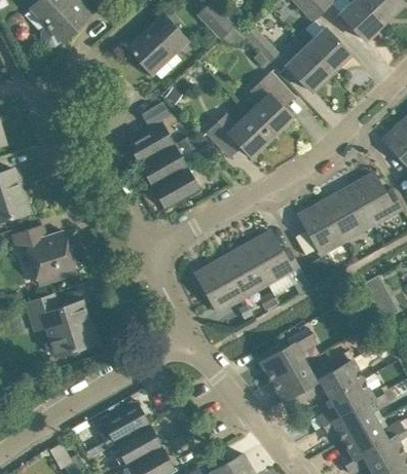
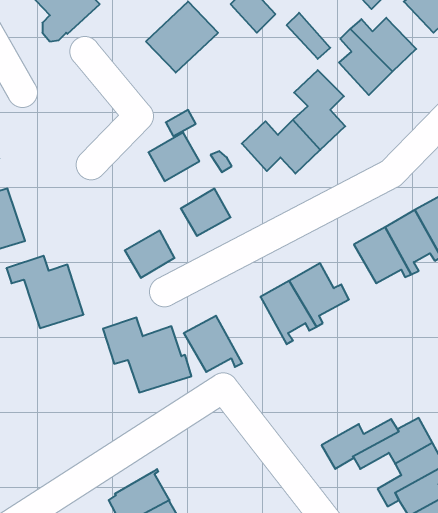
building: [142,147,183,186] -> [125,231,175,278]
building: [194,259,243,305] -> [184,316,242,372]
building: [25,294,98,356] -> [103,318,191,392]
building: [260,329,316,381] -> none

